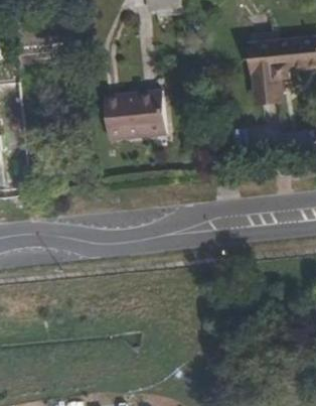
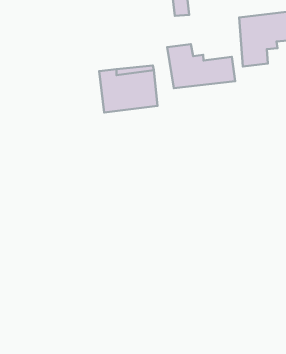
building: none -> [167,44,235,88]

